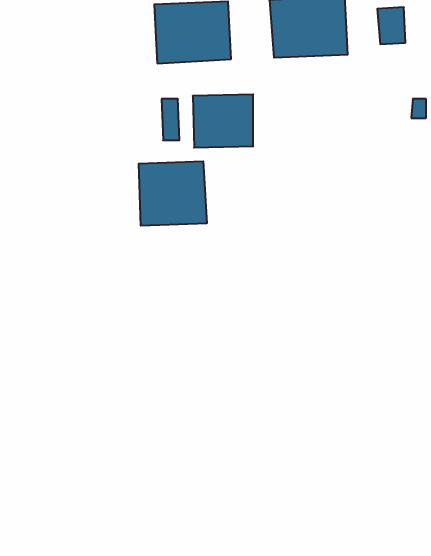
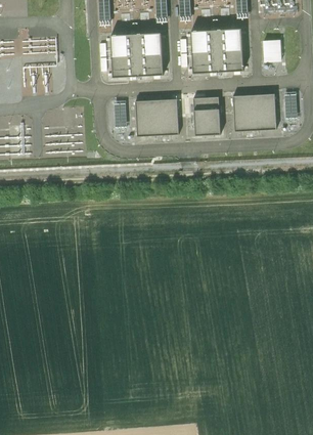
building: none -> [232,94,275,131]
building: none -> [192,97,220,136]
building: [139,161,207,226] -> none

